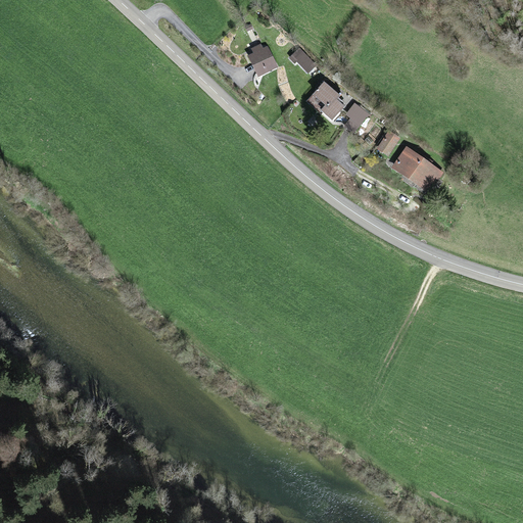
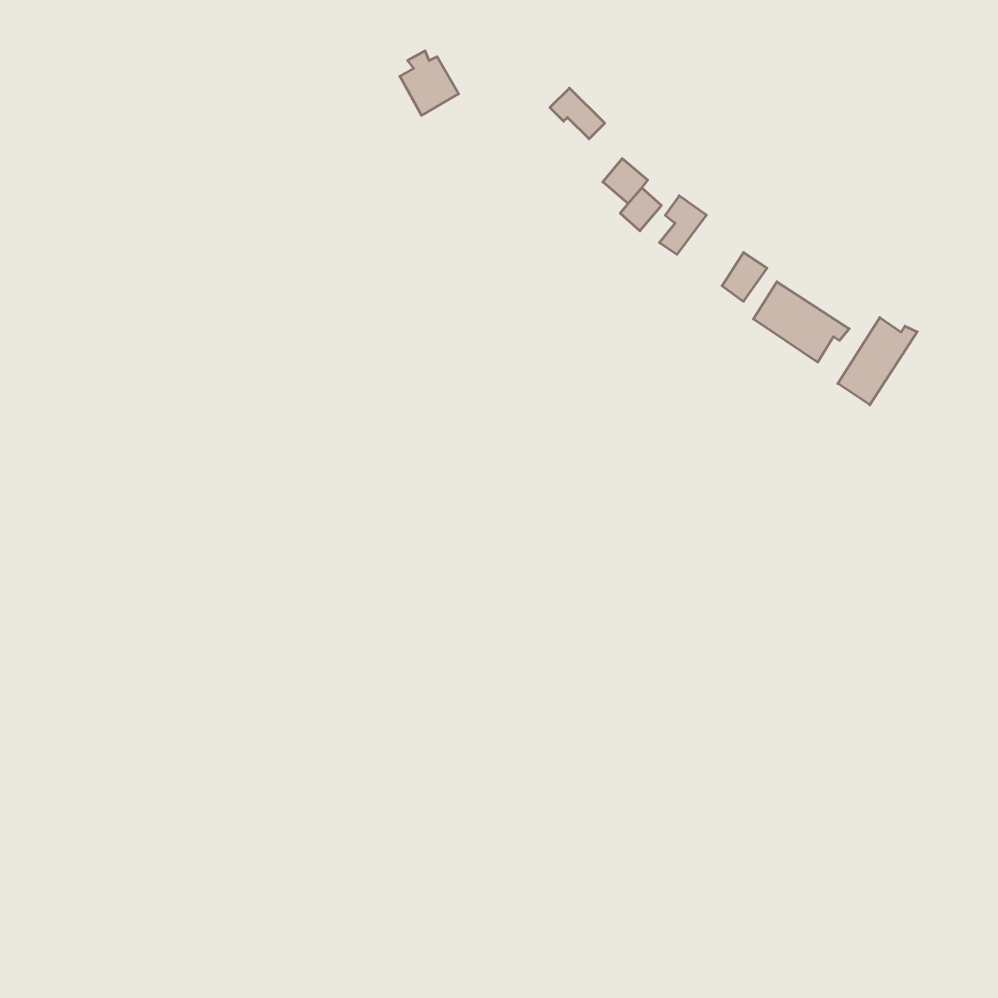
building: [247,43,278,77] -> [400,51,459,115]
building: none -> [838,317,917,405]

